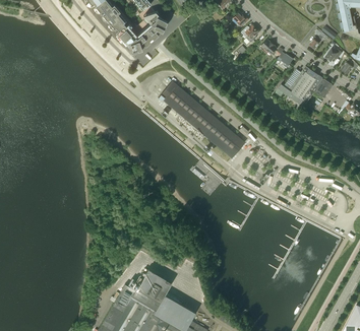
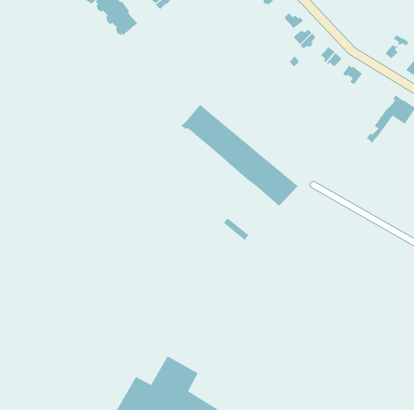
building: [115,12,167,54] -> none
building: [279,67,317,105] -> none

